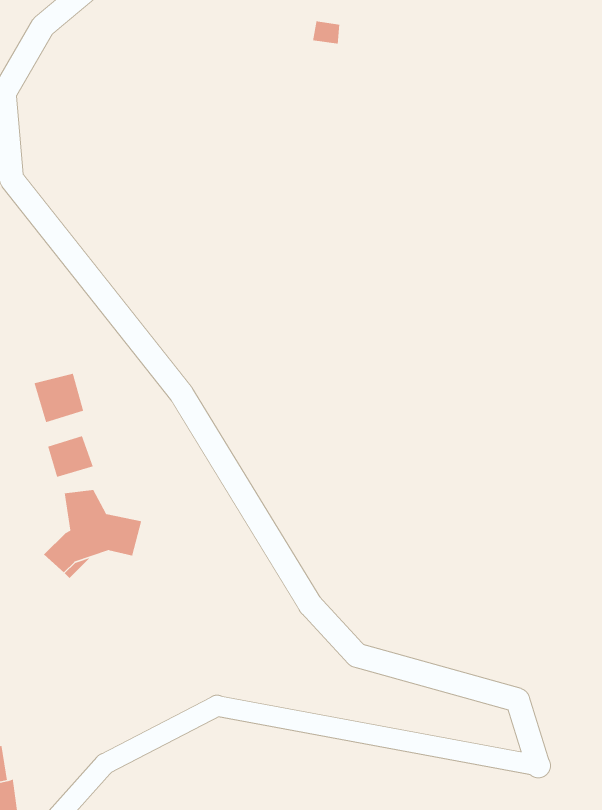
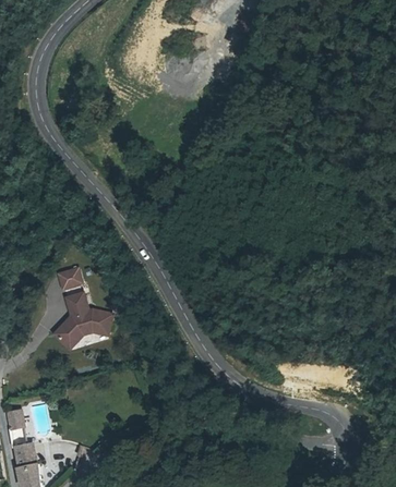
building: [33,373,84,423] -> none

